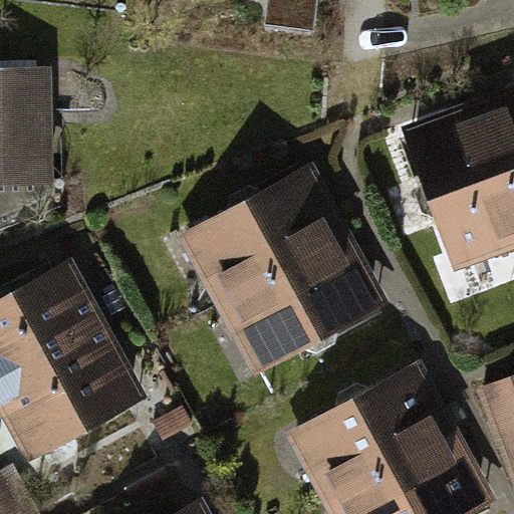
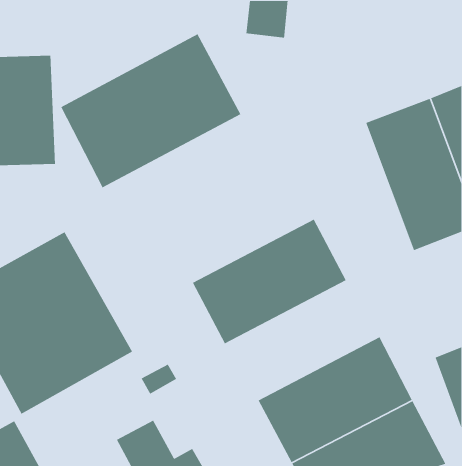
building: none -> [60,33,241,188]
building: [175,172,345,311] -> none

